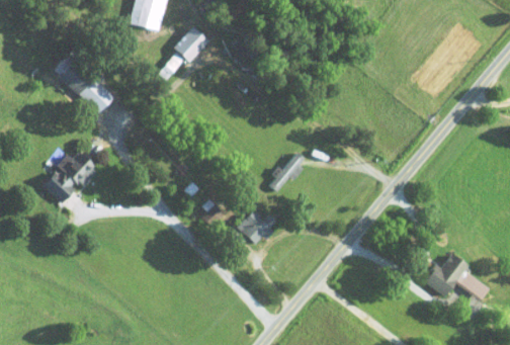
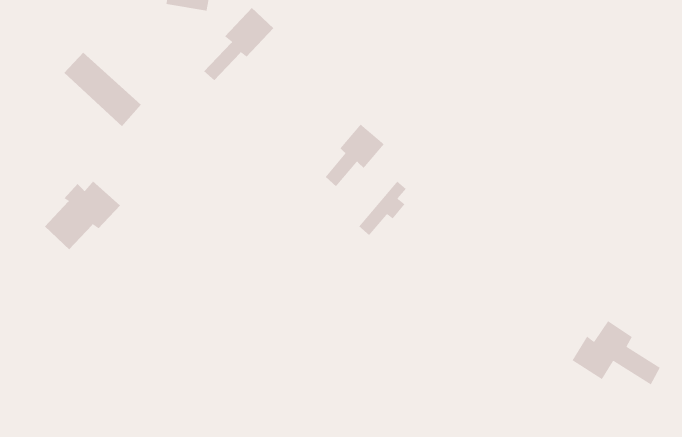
building: none -> [325,123,385,187]
building: [238,210,275,245] -> none

